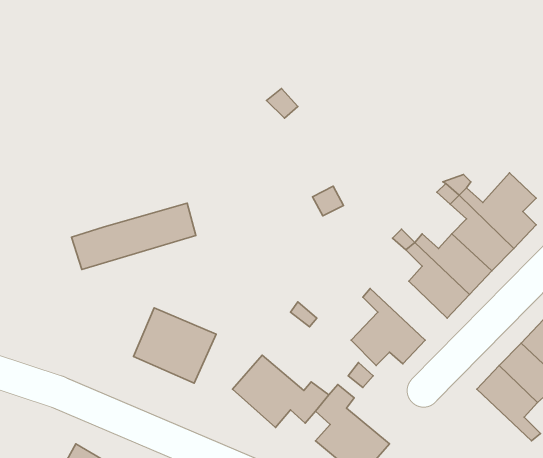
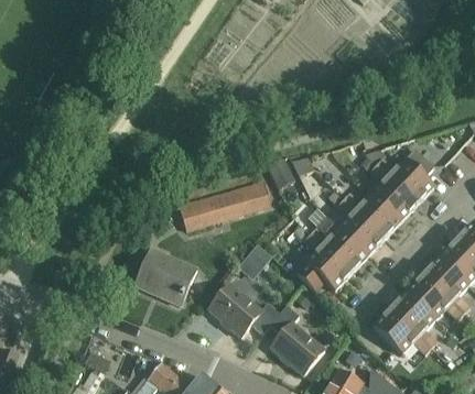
building: [72,203,196,270] -> [179,180,271,230]
building: none -> [311,216,368,272]
building: none -> [374,308,431,353]

